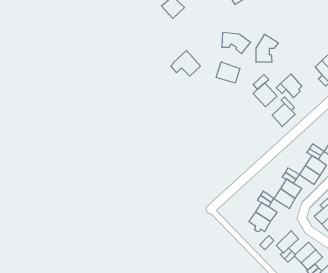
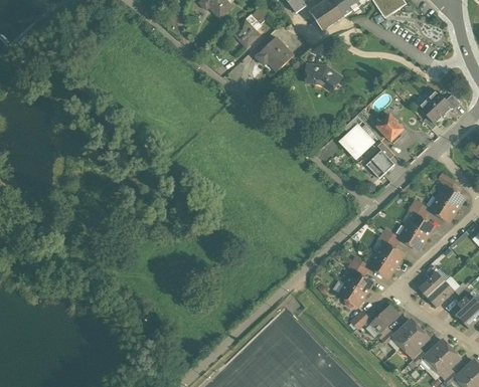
building: [256,34,278,62] -> none
building: [171,50,200,76] -> [256,36,292,67]
building: [216,62,240,83] -> none

